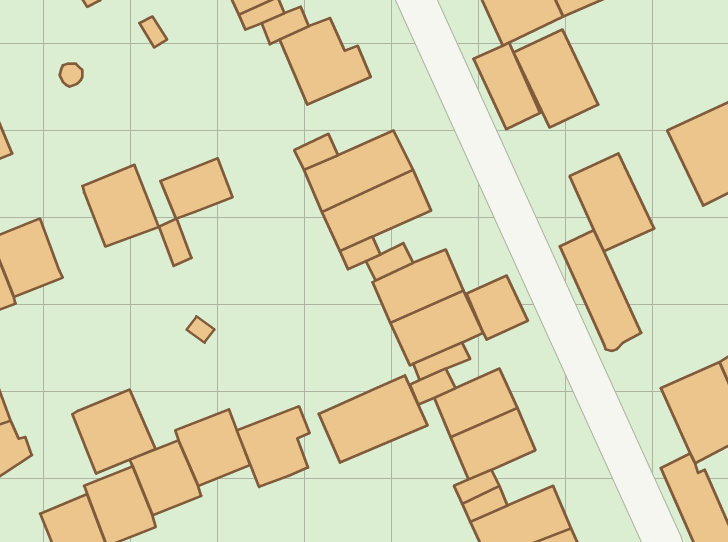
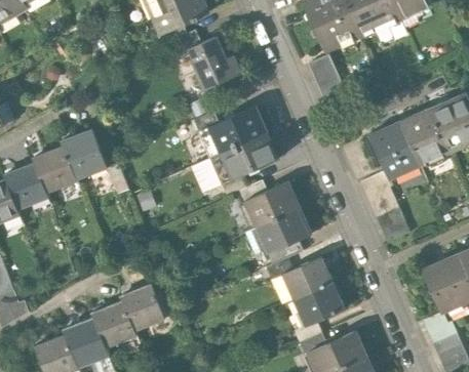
building: [514,30,598,127] -> [397,108,451,169]
building: [160,158,232,219] -> none
building: none -> [31,147,75,196]
building: [466,276,528,340] -> none
building: [319,375,427,463] -> none
building: [72,390,156,474] -> none
building: [237,406,309,487] -> none

